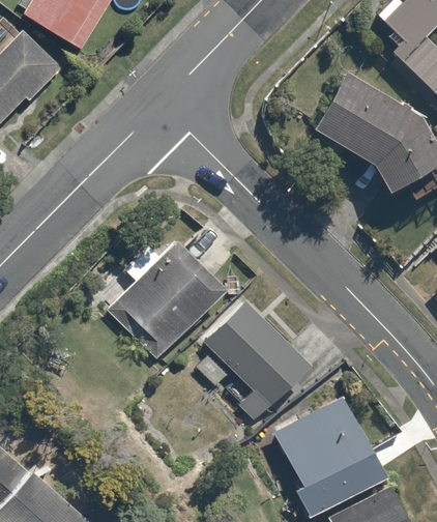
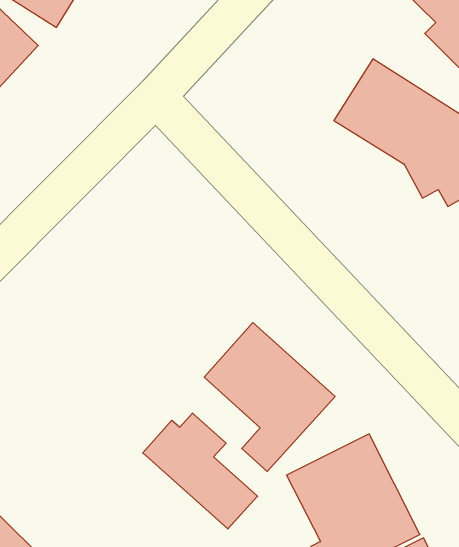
building: [108,239,230,361] -> none
building: none -> [143,413,258,529]

